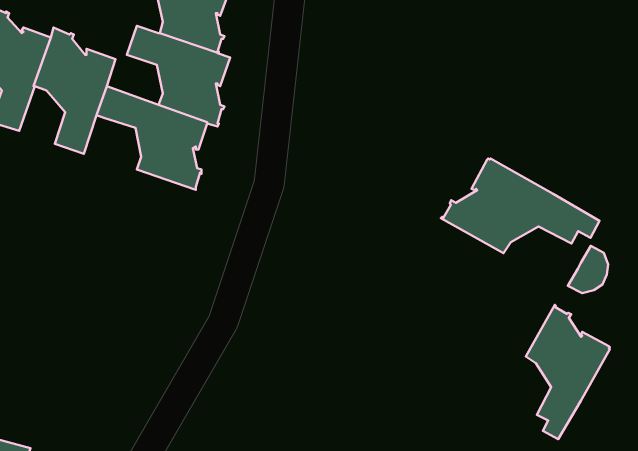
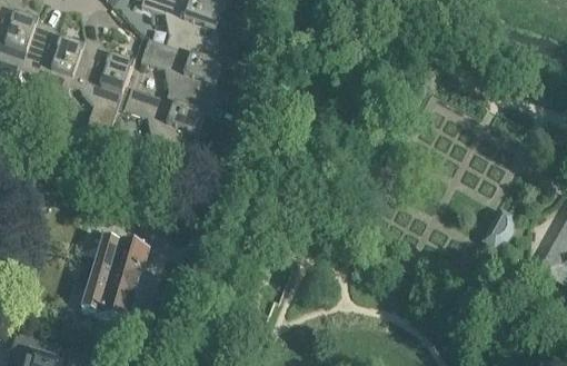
building: [441,158,600,253] -> none
building: none -> [76,236,150,317]
building: [526,305,610,439] -> none

